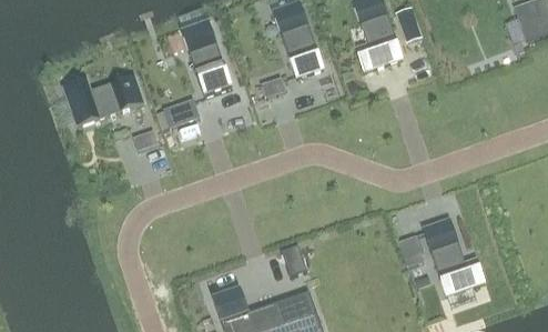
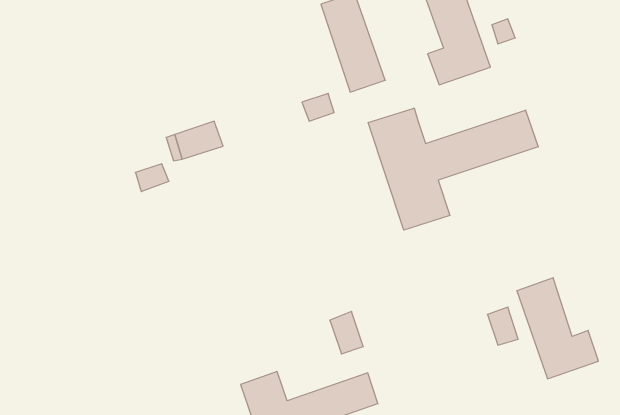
building: [179,19,232,98] -> none
building: [62,74,143,125] -> none
building: none -> [368,108,538,230]

